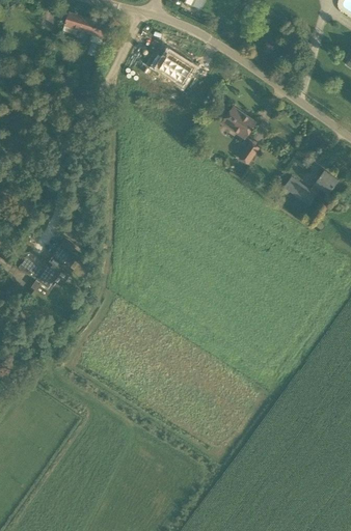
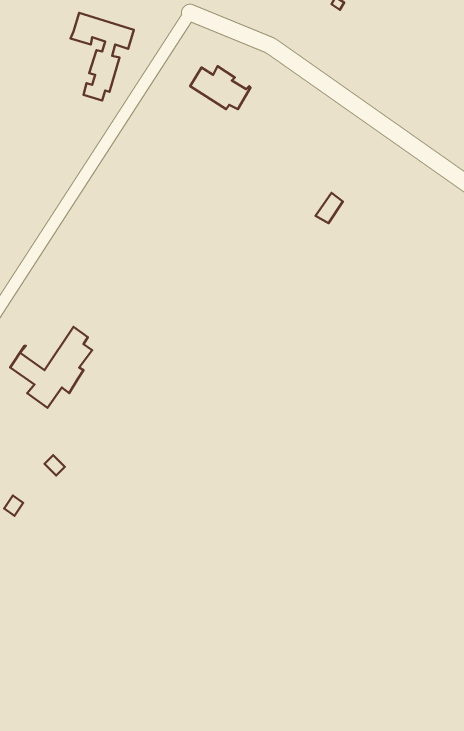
building: [221,106,256,139] -> none
building: [281,170,339,205] -> none

